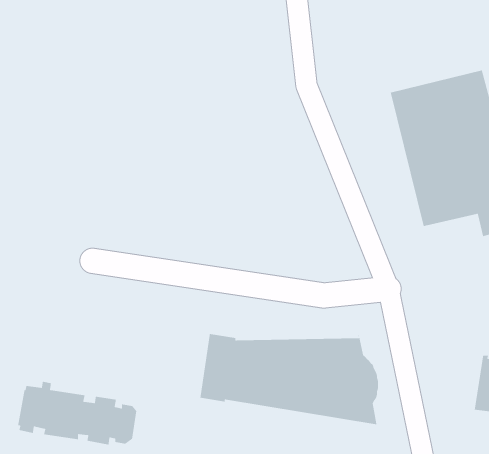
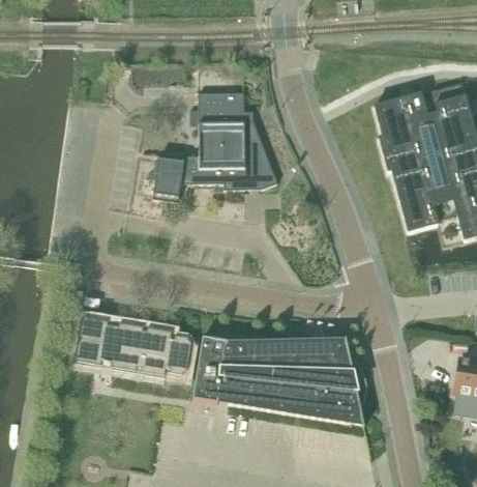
building: none -> [152,92,277,202]
building: [17,381,137,446] -> [78,314,192,376]

